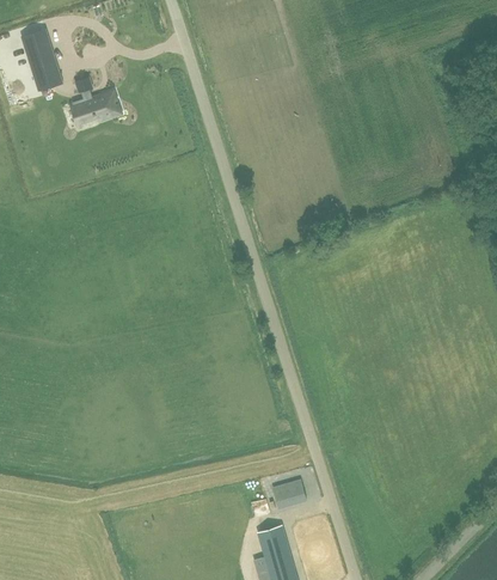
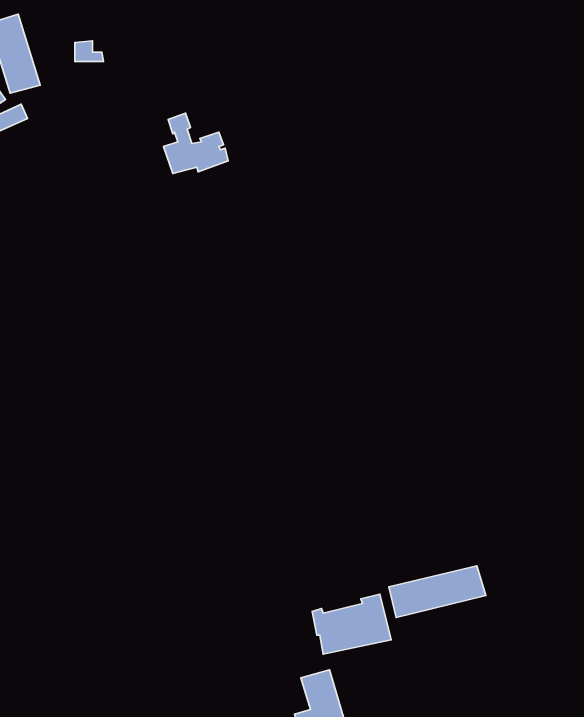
building: [73,75,122,121] -> [164,113,228,173]
building: none -> [389,566,486,617]

